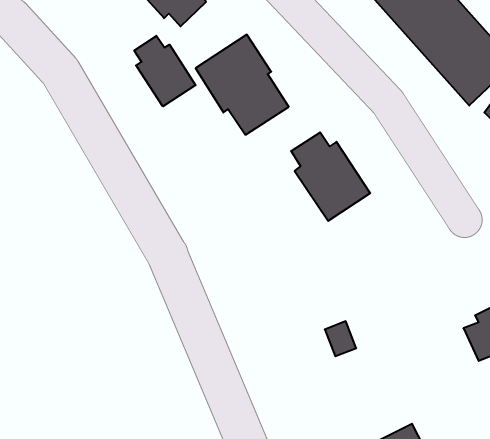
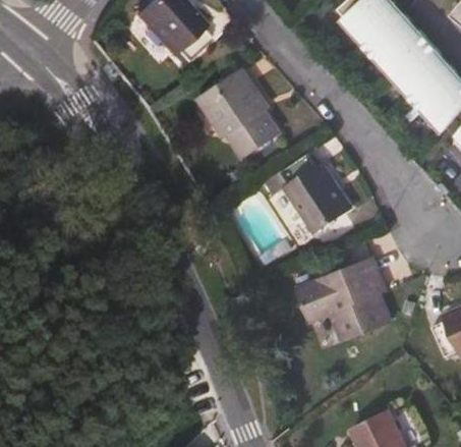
building: [134,36,196,106] -> none
building: none -> [298,258,393,340]

